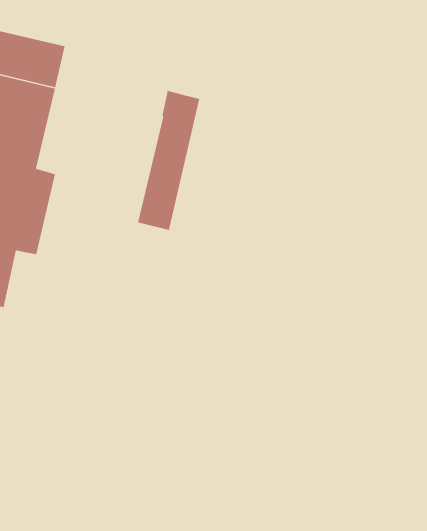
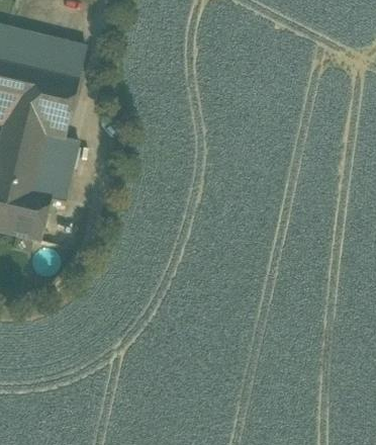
building: [137,90,200,231] -> none

